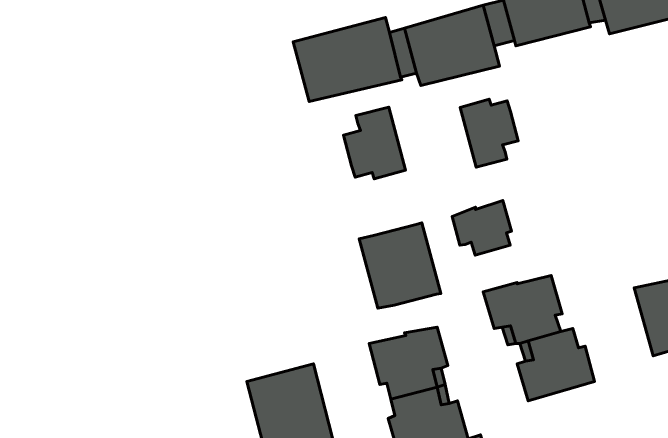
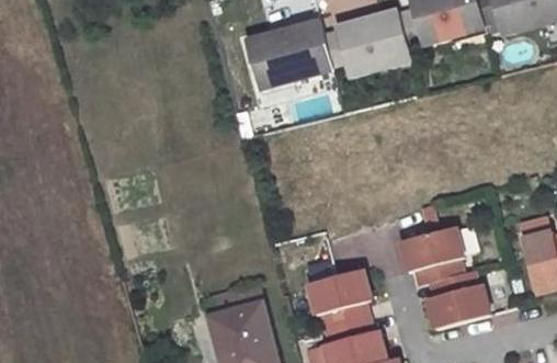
building: [460,99,518,167] -> none
building: [344,107,405,179] -> none
building: [452,201,512,255] -> none
building: [359,223,441,308] -> none

